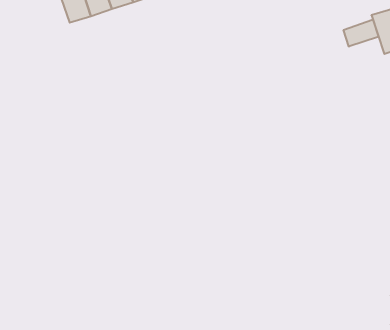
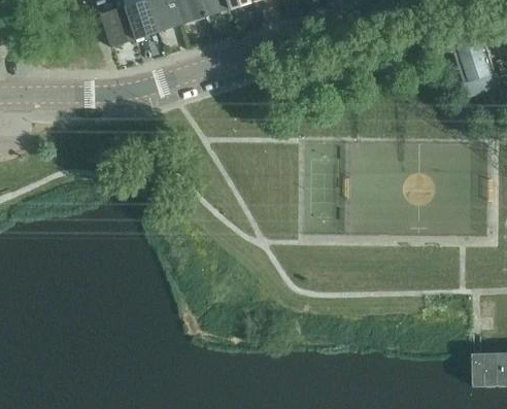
building: [344,19,378,47] -> none

